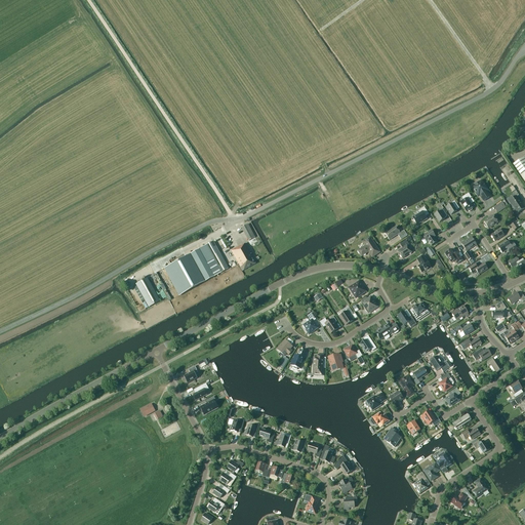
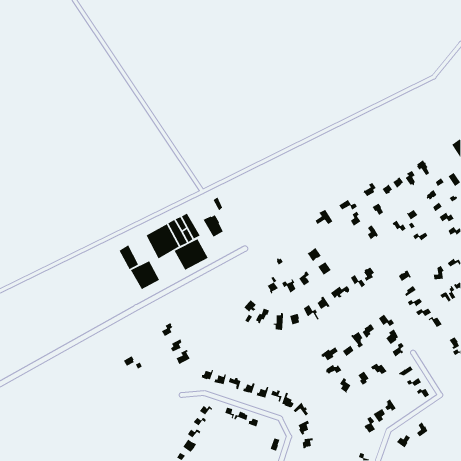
building: none -> [173,238,209,271]
building: none -> [130,260,160,290]

